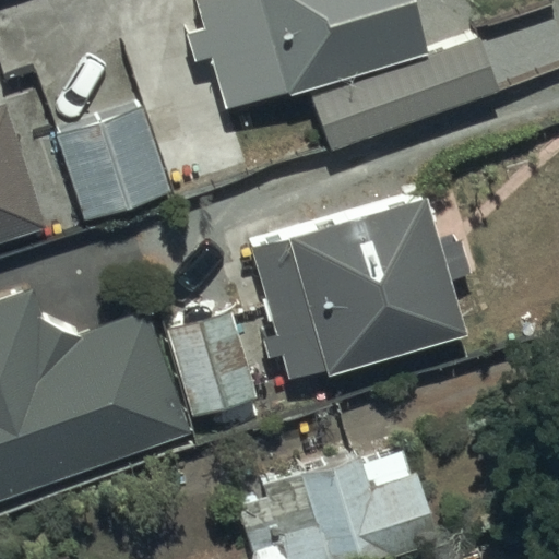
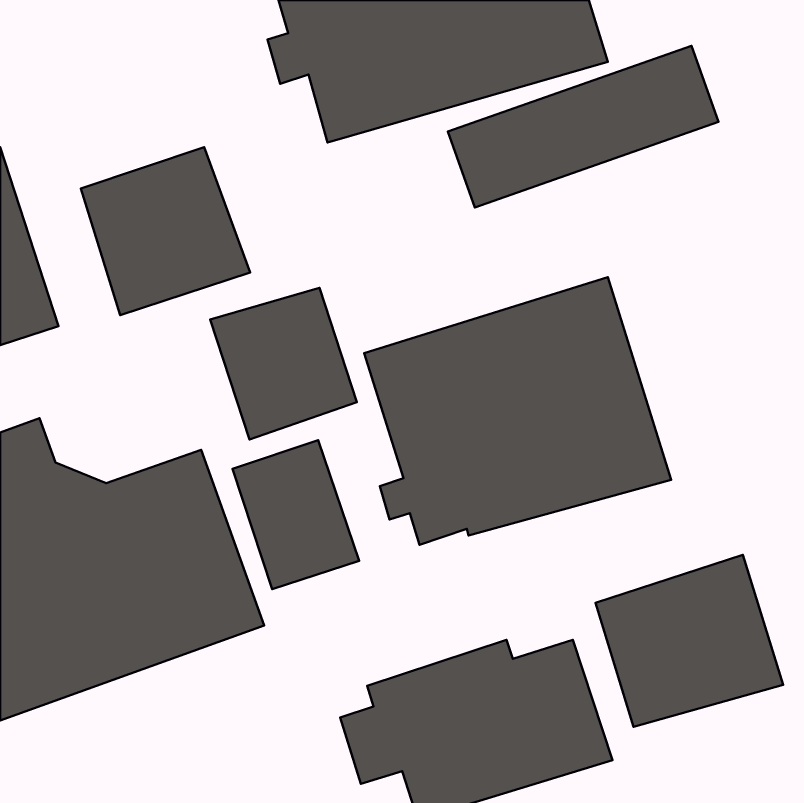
building: none -> [210,288,357,440]
building: none -> [595,555,783,727]

